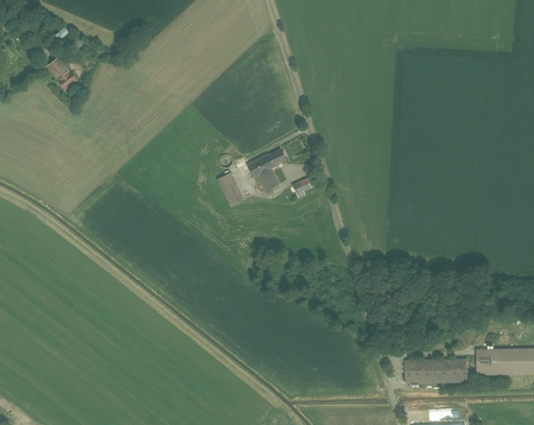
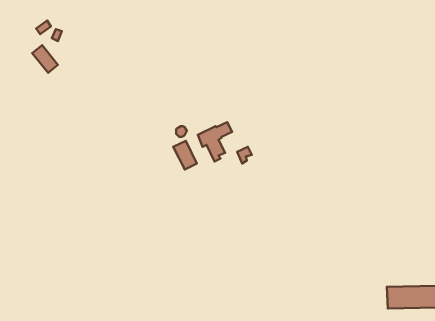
building: [405,354,468,380] -> none

